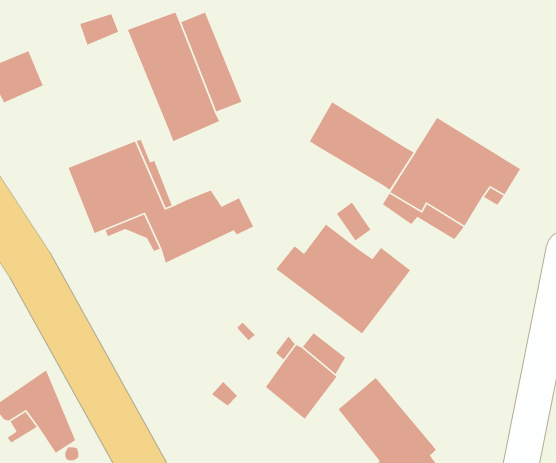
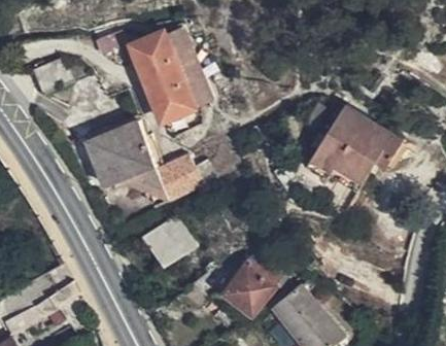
building: [309,101,415,191] -> none
building: [275,224,411,334] -> none
building: none -> [141,215,195,269]

